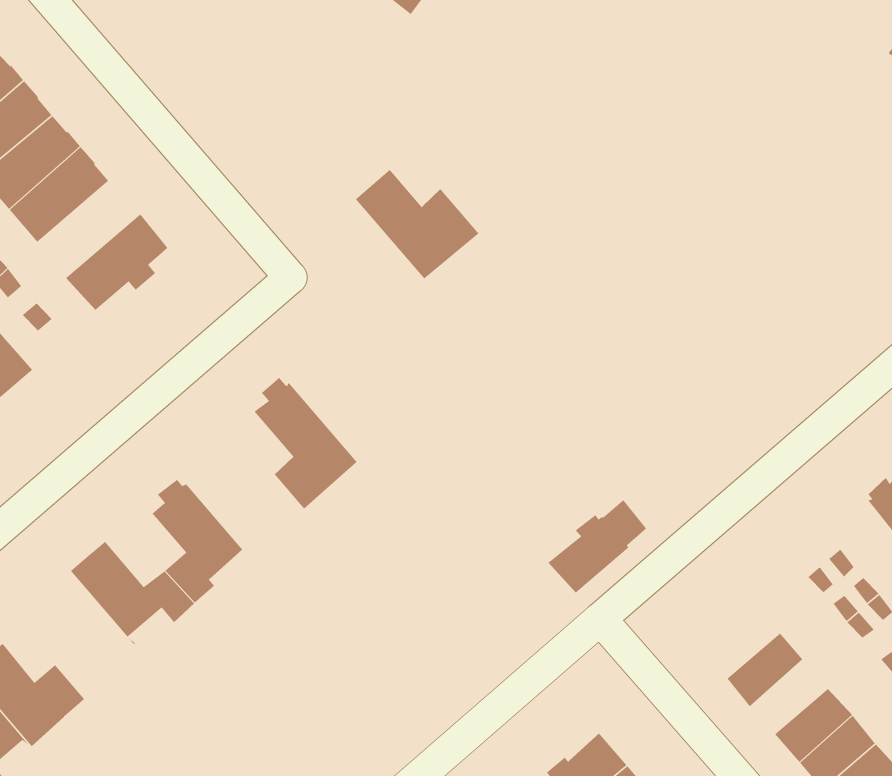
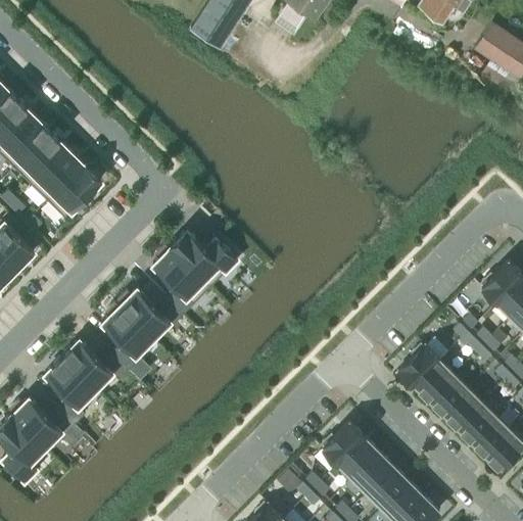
building: [355,169,479,279] -> [170,231,237,288]
building: none -> [31,149,84,202]
building: none -> [116,289,183,339]
building: [547,499,646,594] -> [397,336,448,388]
building: none -> [44,358,98,425]
building: none -> [427,375,468,416]

